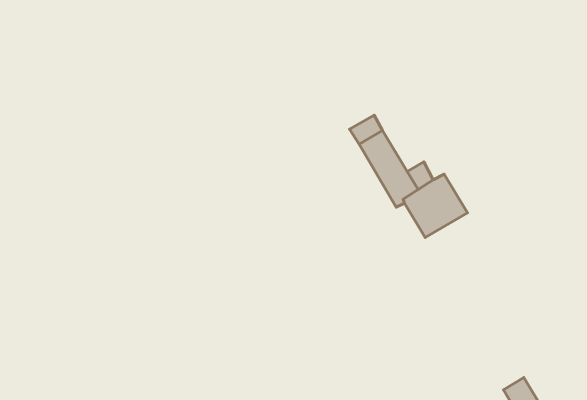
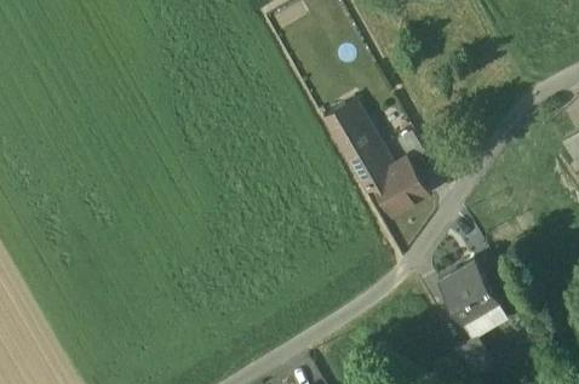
building: none -> [440,265,499,326]

